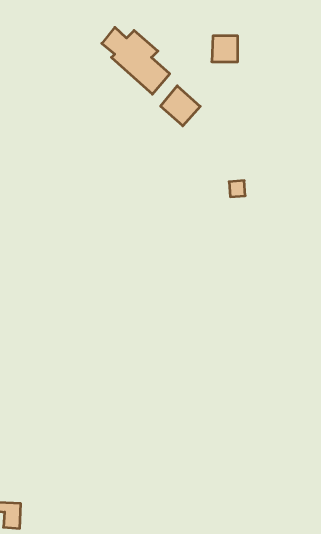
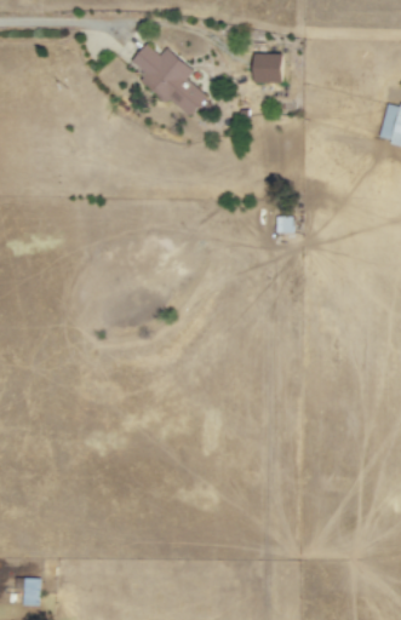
building: [161,86,200,126] -> none

